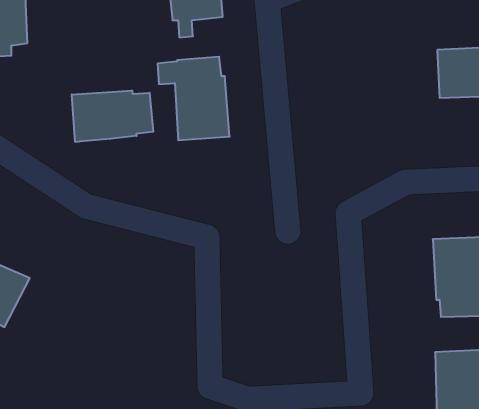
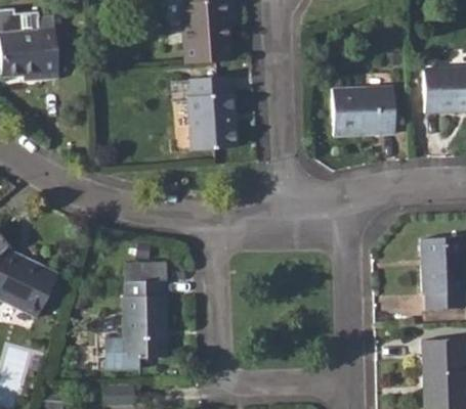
building: none -> [332,87,395,136]
building: [72,90,153,142] -> none
building: none -> [121,261,168,358]

